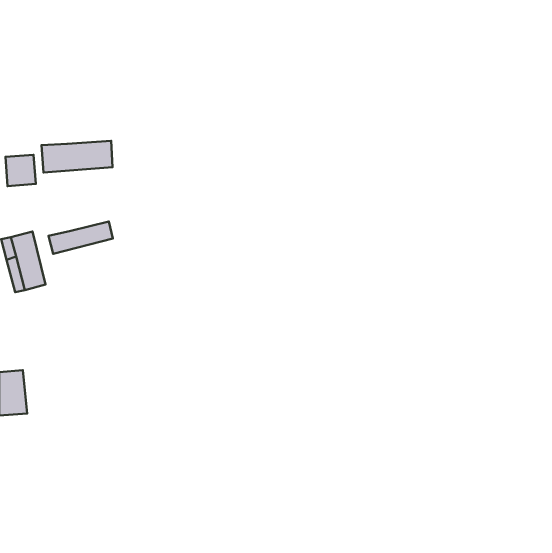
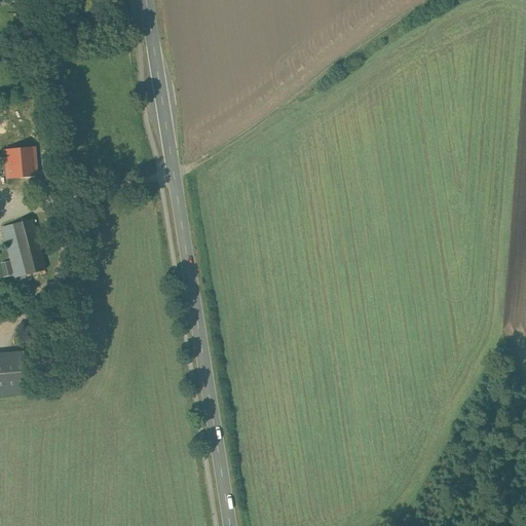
building: [41,141,113,172] -> none
building: [49,222,113,254] -> none

